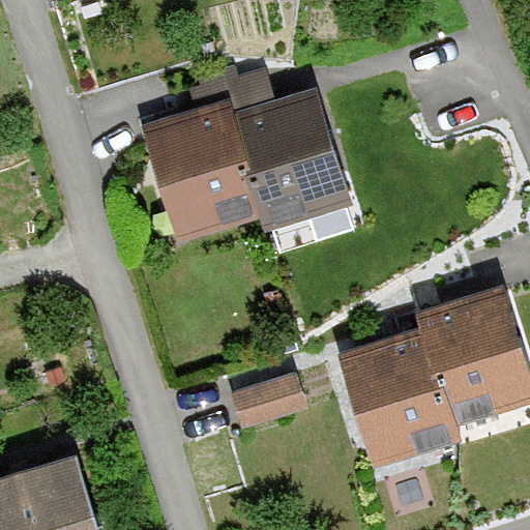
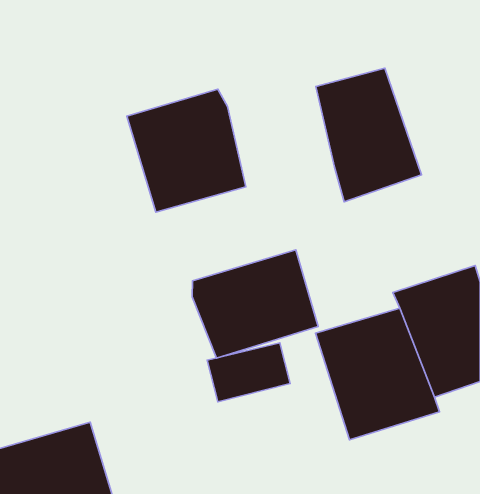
building: [243,95,356,238] -> [316,68,421,202]
building: none -> [192,250,318,358]

